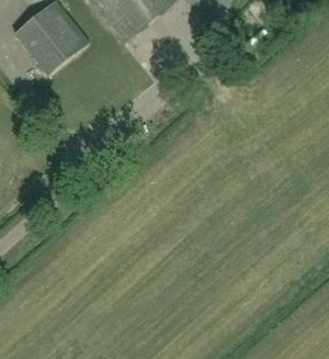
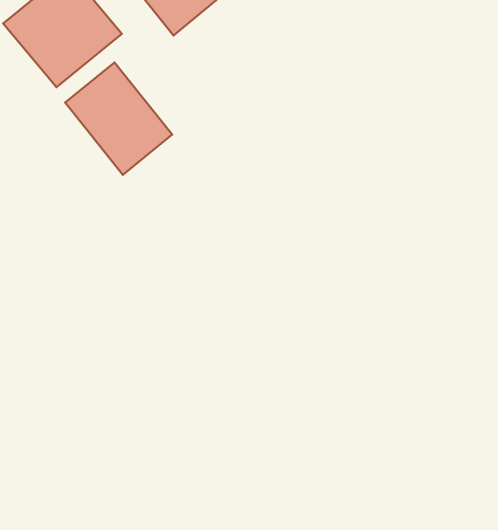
building: none -> [65,62,172,175]

